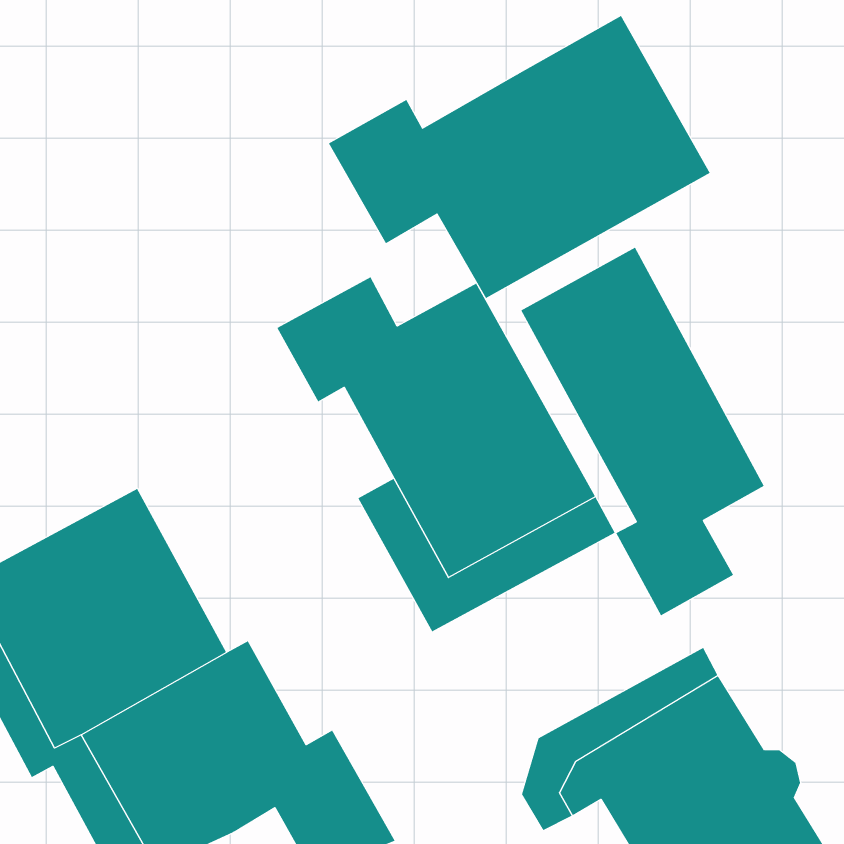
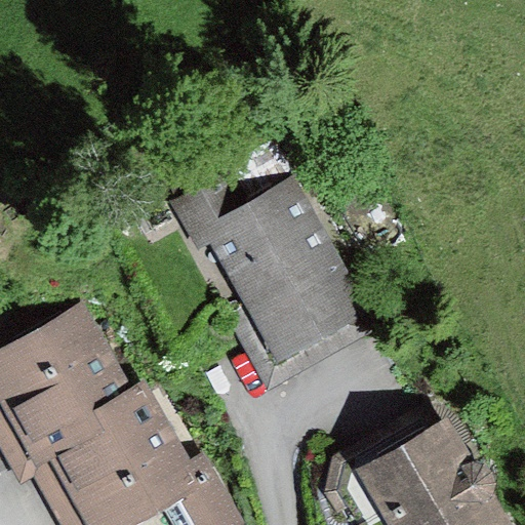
building: [328,15,711,299] -> none
building: [521,247,765,616] -> none

